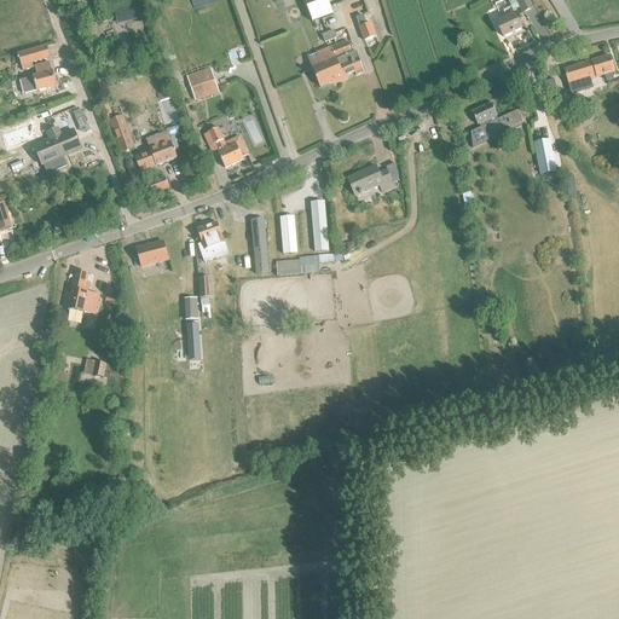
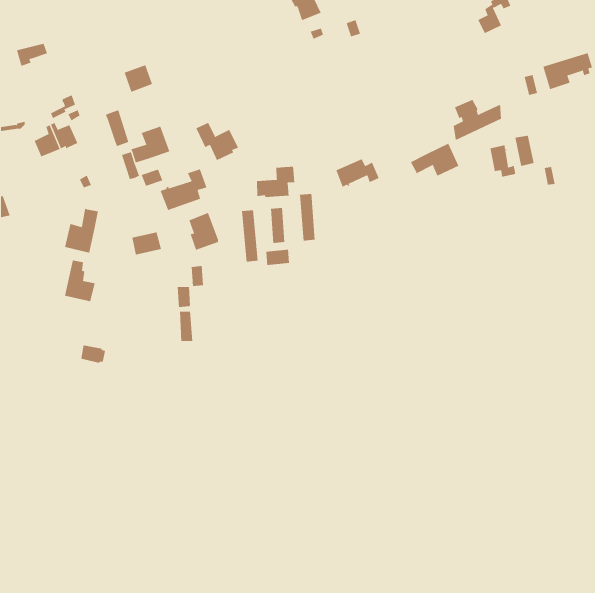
building: [308,40,365,85] -> none
building: [21,62,57,92] -> none
building: [189,71,219,100] -> [124,64,153,92]
building: none -> [410,143,459,177]
building: none -> [490,144,516,177]
building: none -> [256,166,295,198]
building: none -> [160,168,207,211]
building: none -> [65,208,99,253]

